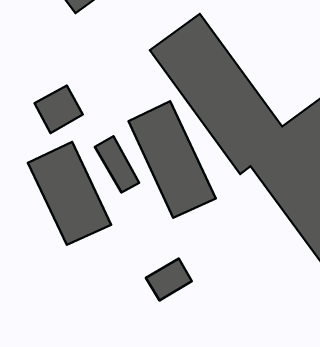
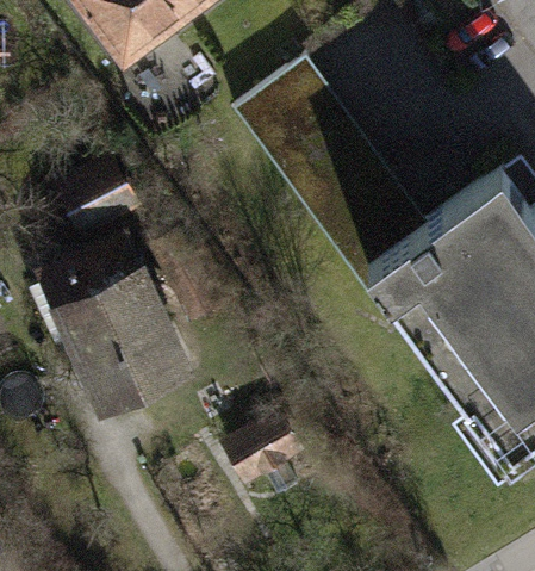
building: [128,101,216,218] -> none

